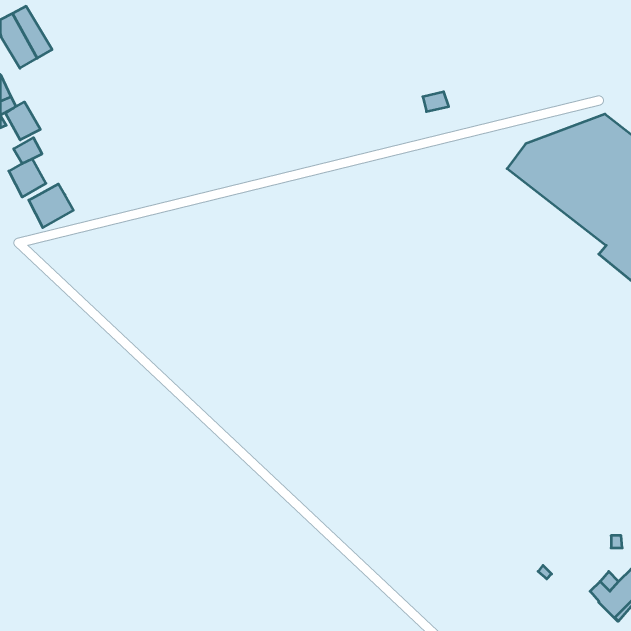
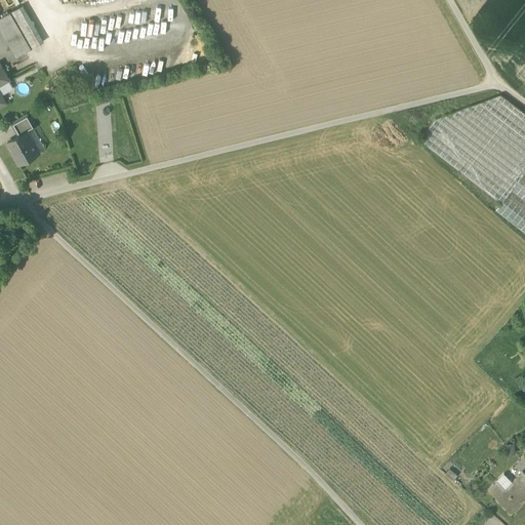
building: [5,102,40,140] -> none
building: [29,184,73,228] -> none

